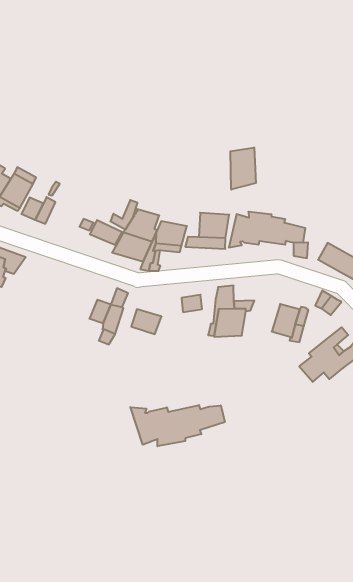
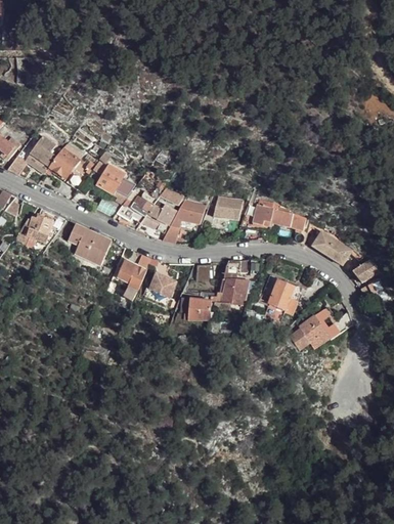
building: [230,147,256,190] -> none
building: none -> [96,163,125,192]
building: none -> [68,224,111,265]
building: none -> [181,298,214,320]
building: [130,405,225,446] -> none

